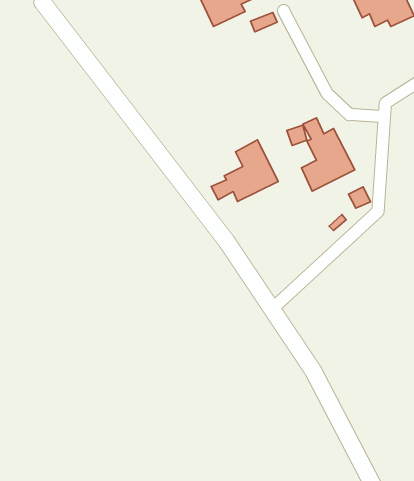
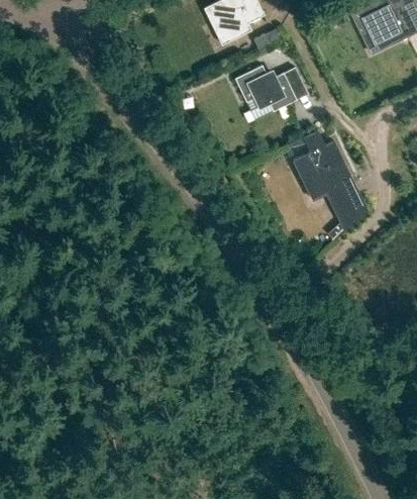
building: none -> [234,66,296,111]
building: [211,140,278,201] -> none

